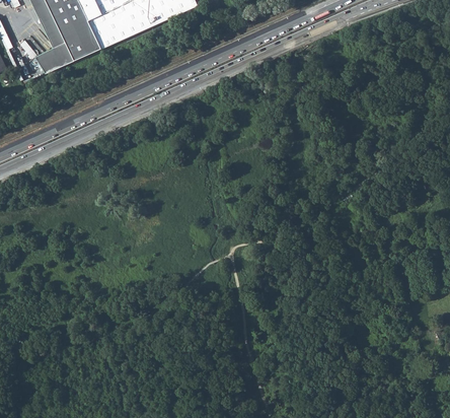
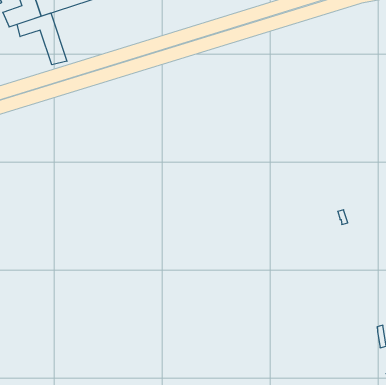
building: none -> [17,13,67,65]

